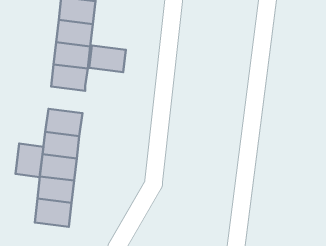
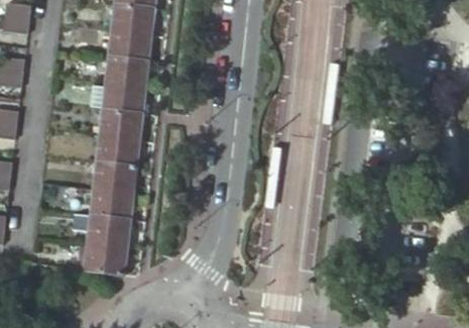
building: [89,46,126,72] -> [99,108,142,139]
building: [15,143,43,177] -> none

